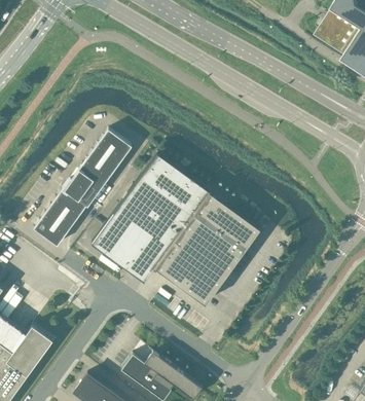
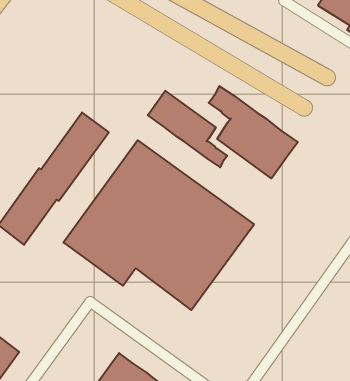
building: none -> [209,86,298,178]
building: none -> [148,91,227,167]

